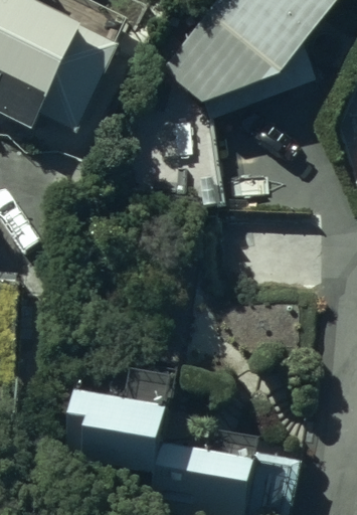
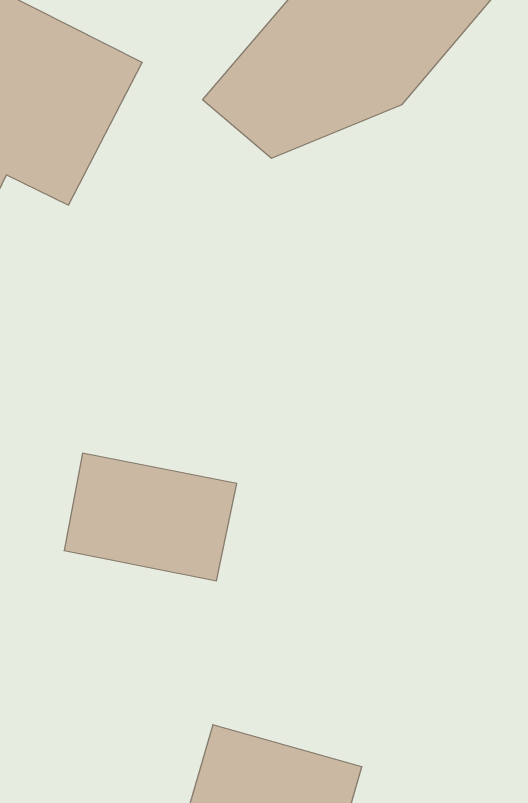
building: [61,388,165,465] -> [64,453,237,581]

